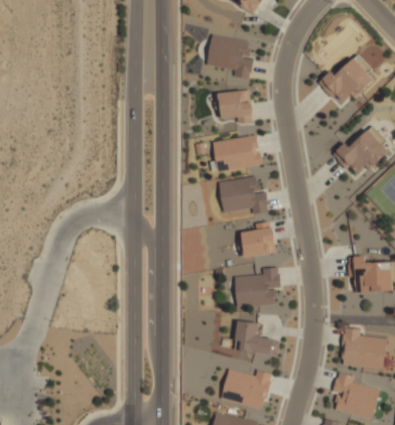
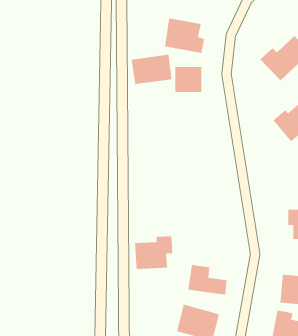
building: [213,135,261,170] -> [131,54,173,85]
building: [223,179,266,208] -> none
building: [239,223,274,259] -> none
building: [235,267,280,306] -> [134,236,173,270]

